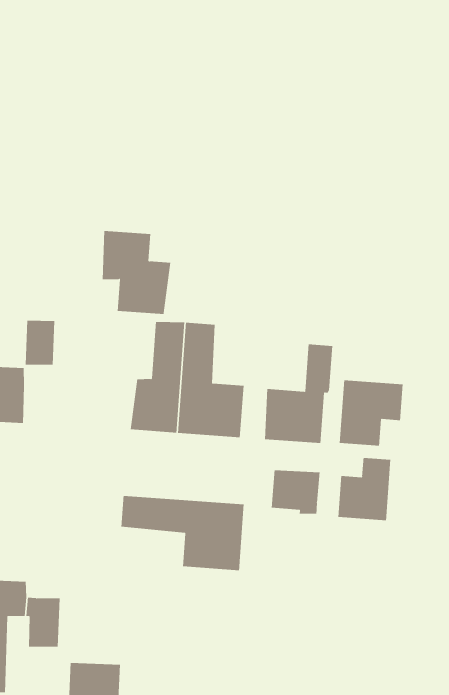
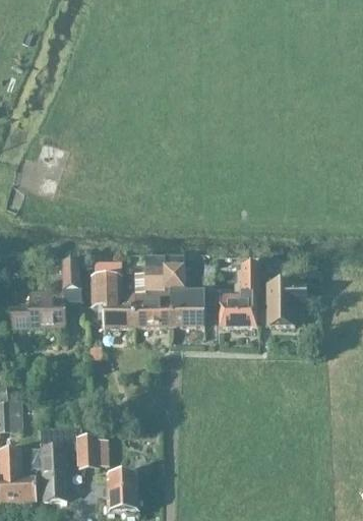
building: [102,231,171,315] -> [90,275,135,326]
building: [338,457,391,521] -> none
building: [271,470,320,515] -> none
building: [121,495,244,571] -> none

